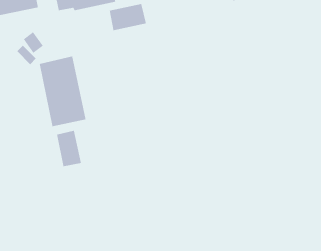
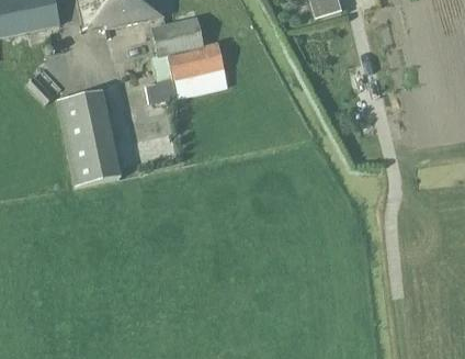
building: none -> [144,43,227,103]
building: [56,130,82,167] -> none

